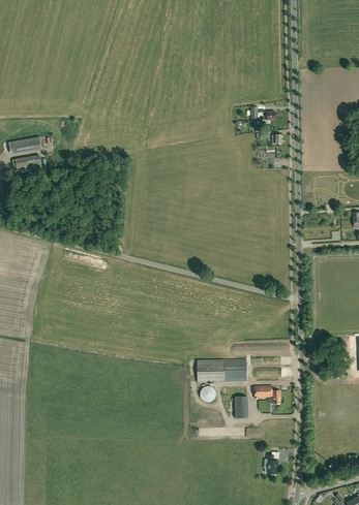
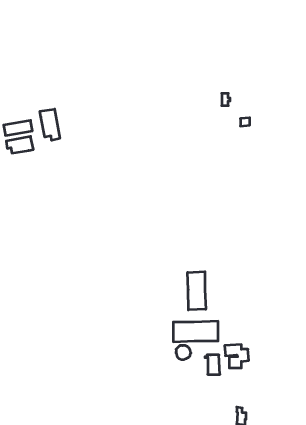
building: none -> [40,109,60,140]
building: none -> [188,272,206,310]

